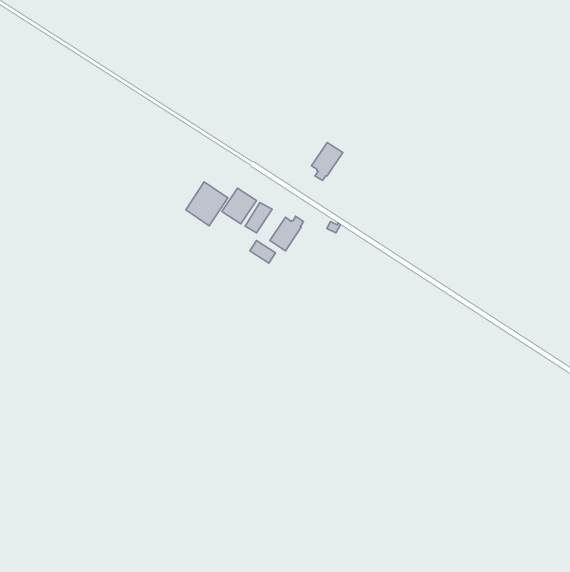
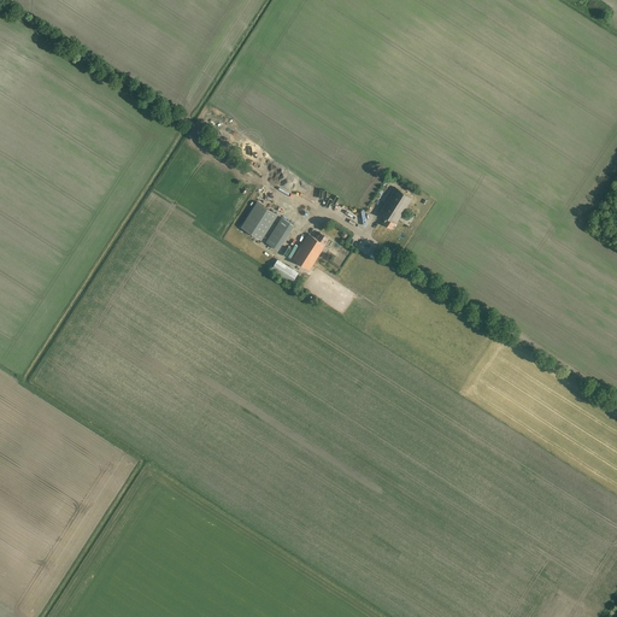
building: [311,142,343,180] -> [377,188,411,229]
building: [186,182,228,226] -> none

